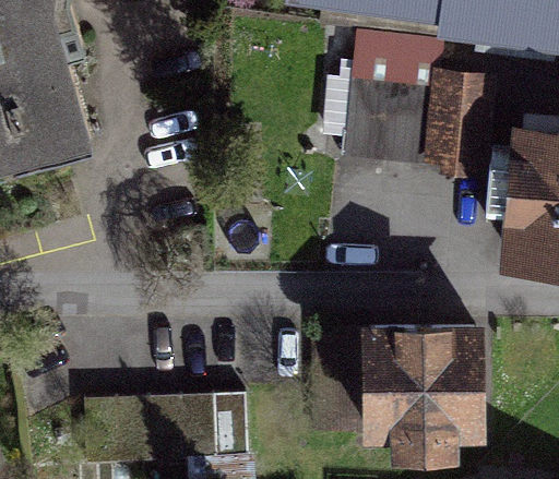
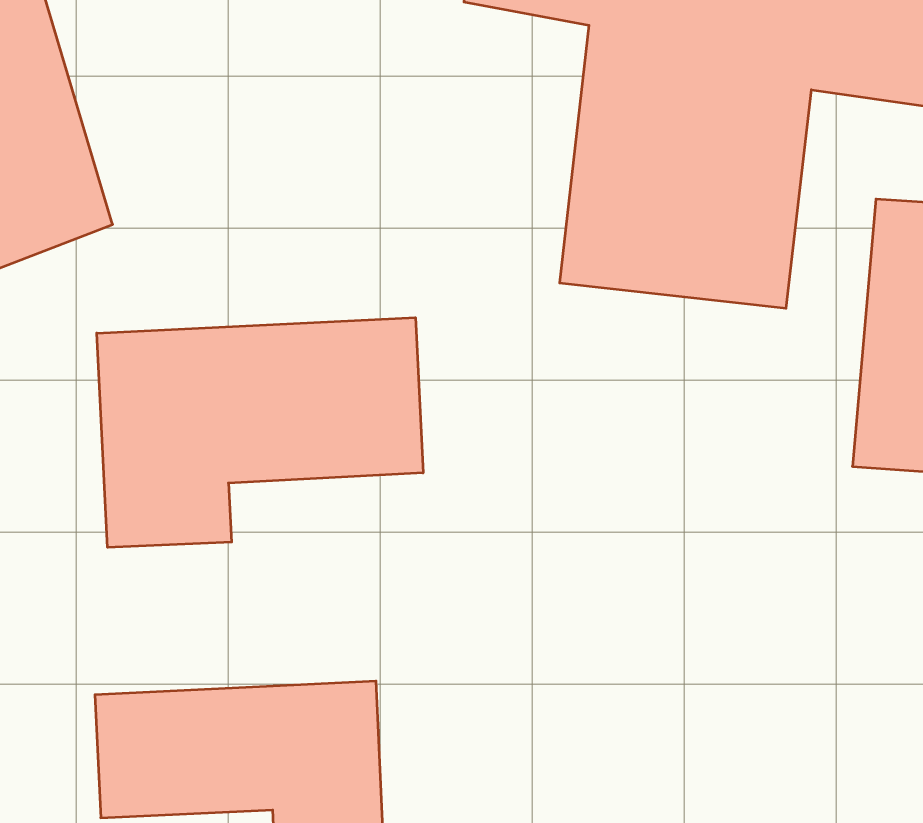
building: none -> [97,318,423,547]
building: [319,334,481,448] -> none

